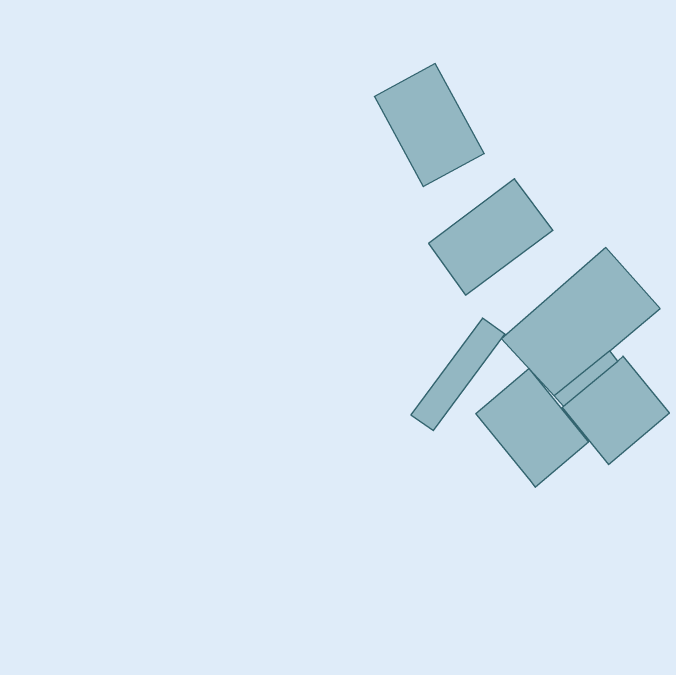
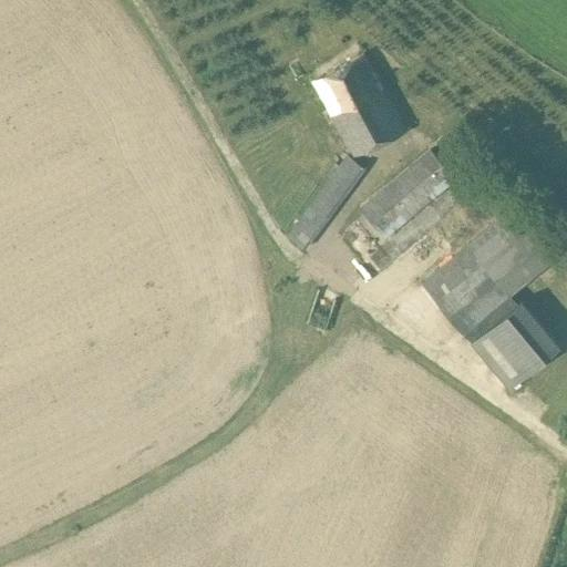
building: [411,318,505,431] -> [287,155,365,249]
building: [476,368,588,487] -> none

